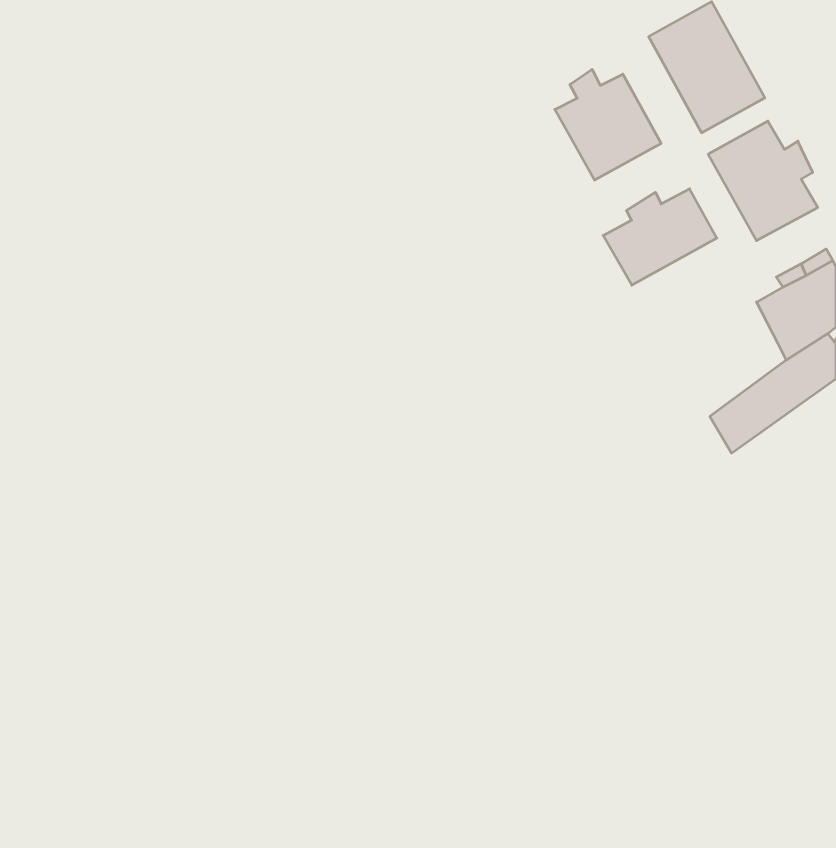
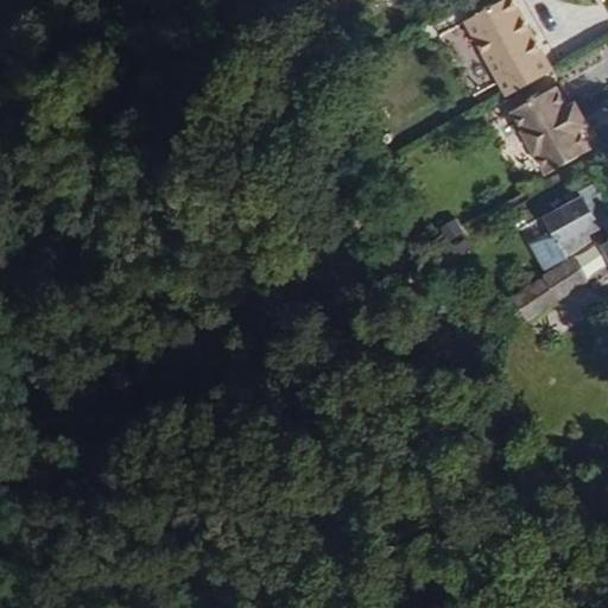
building: [555,69,661,180] -> none
building: [603,189,717,285] -> none

